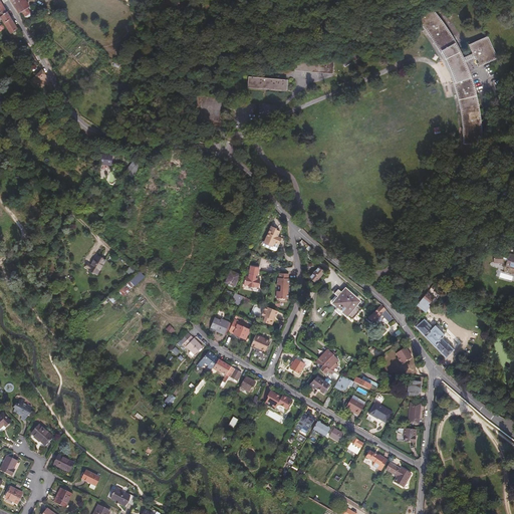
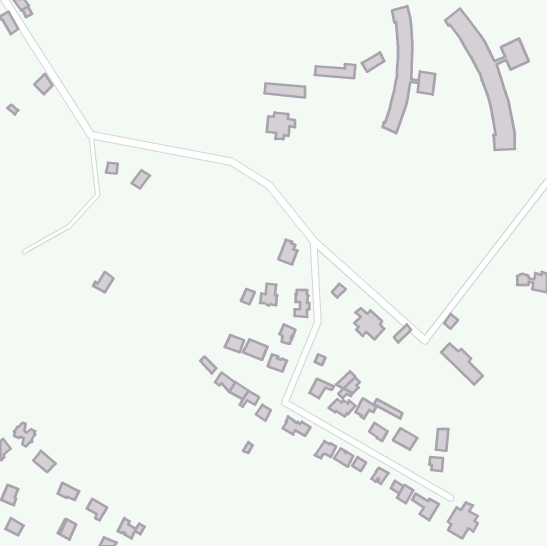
building: none -> [383,6,435,133]
building: none -> [267,112,295,139]
building: none -> [448,502,478,538]

